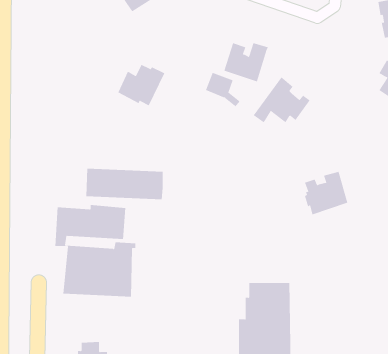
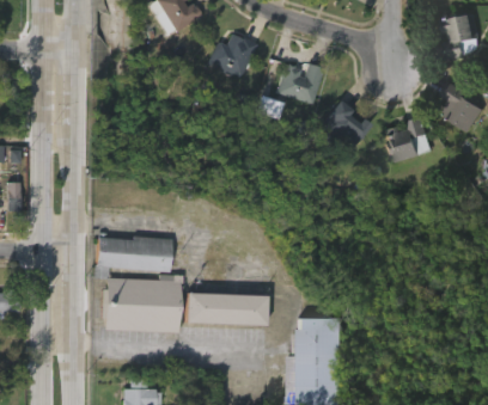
building: [117,64,165,106] -> [206,33,256,78]
building: [85,168,164,200] -> [187,290,269,324]
building: [304,171,348,215] -> [384,117,431,164]

